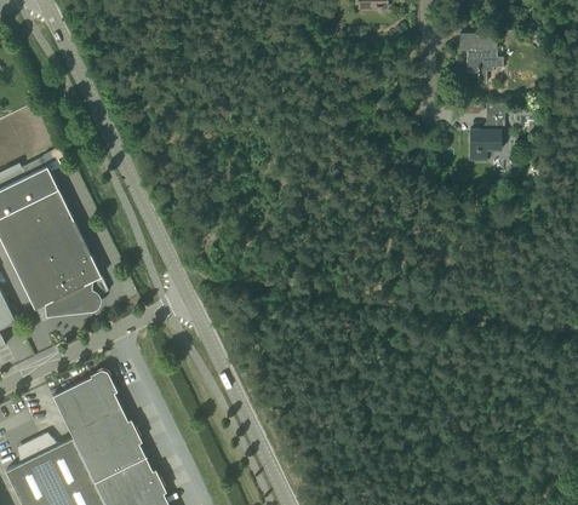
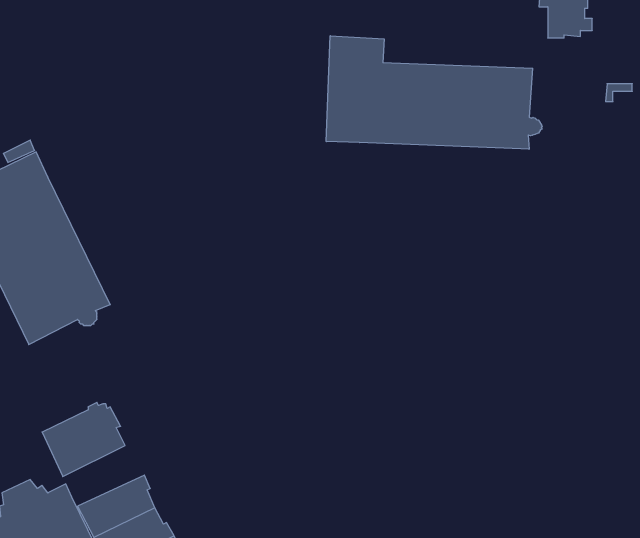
building: none -> [326,36,542,149]
building: [469,117,504,163] -> none
building: [70,408,137,458] -> none

